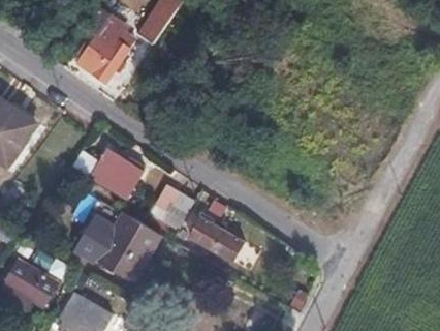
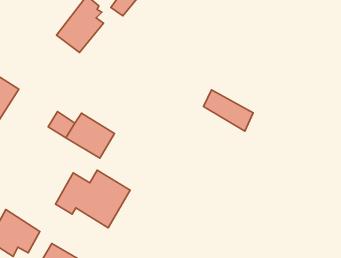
building: [147,184,194,231] -> none
building: [191,215,247,262] -> [203,90,253,131]

